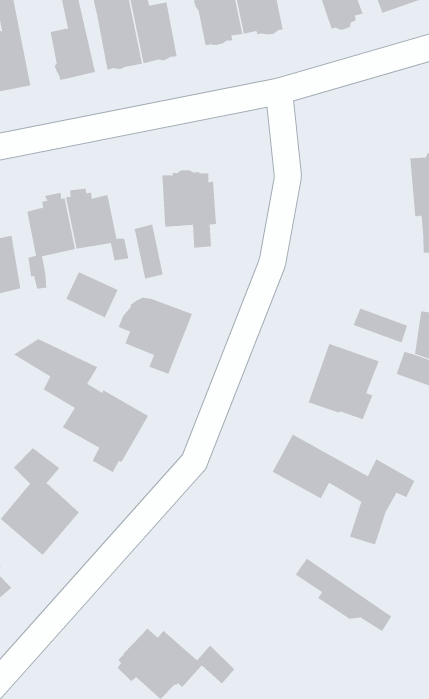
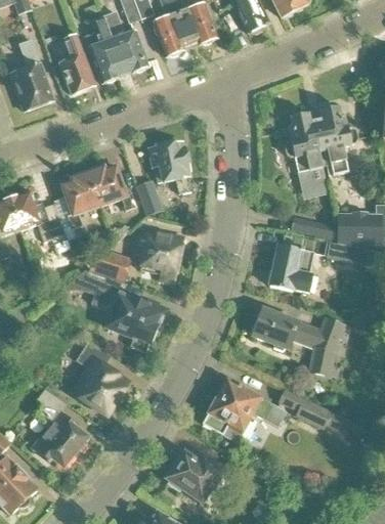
building: none -> [284,111,325,184]
building: [65,272,119,318] -> [95,251,130,279]
building: none -> [202,378,286,441]

